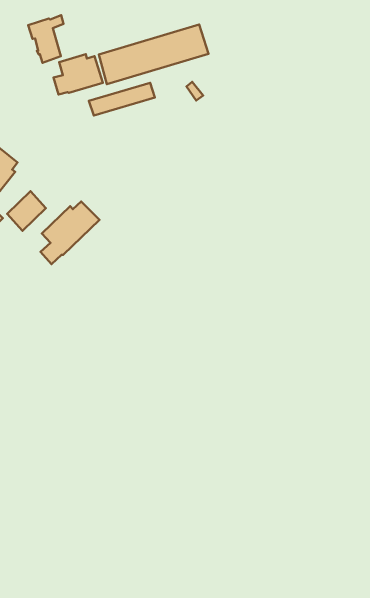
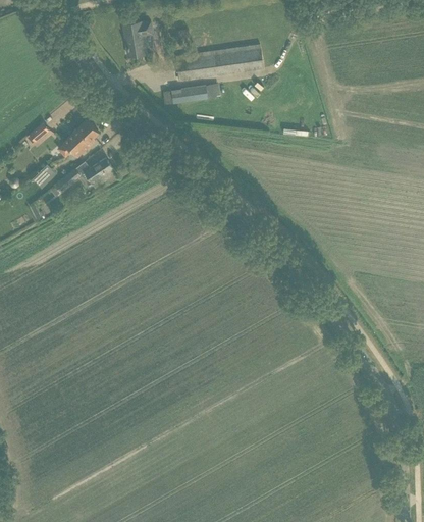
building: [54,54,103,95] -> none
building: [40,202,100,264] -> none

